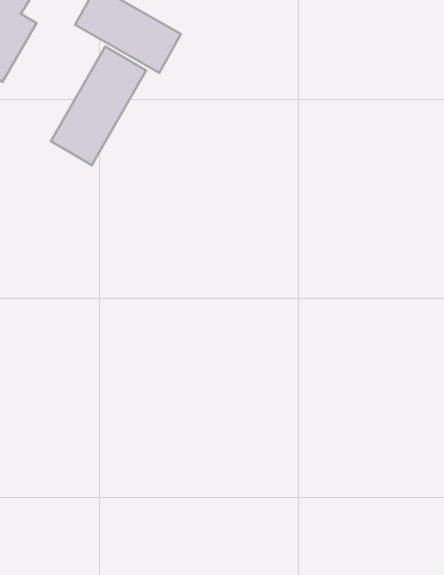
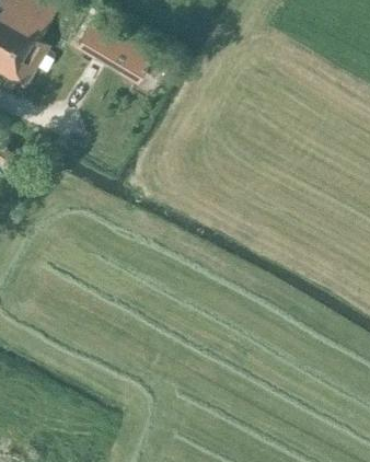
building: [51,47,146,165] -> none

